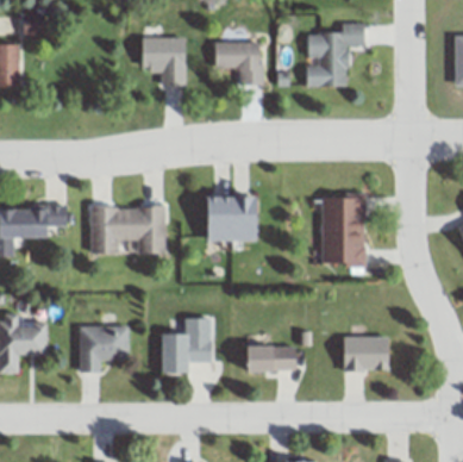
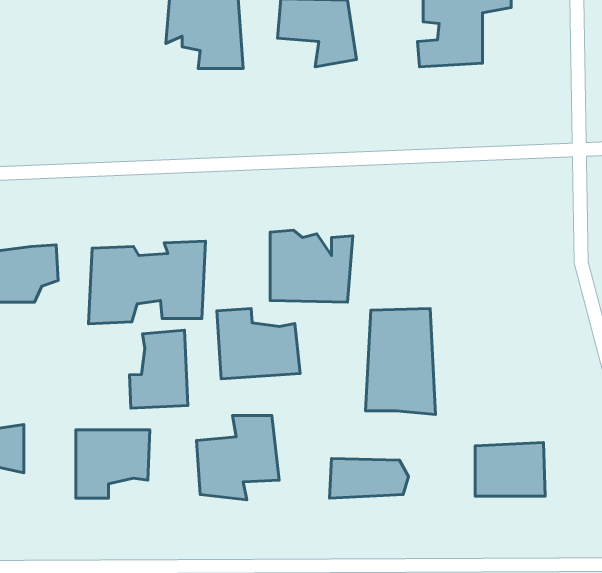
building: [321,195,368,266] -> [366,308,436,414]
building: none -> [217,308,300,379]
building: none -> [129,330,188,408]

